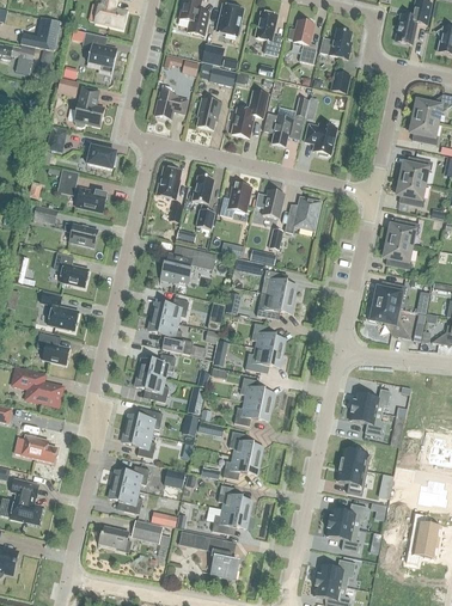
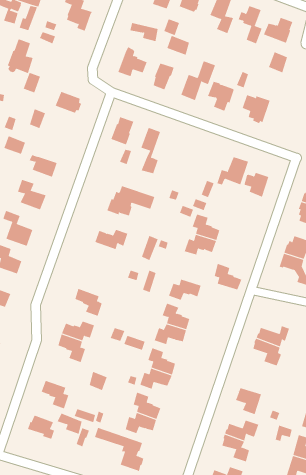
building: [73,86,103,127] -> [7,39,33,74]
building: [219,183,250,216] -> none
building: [75,188,105,212] -> none
building: [255,189,283,218] -> [243,172,269,198]
building: [148,316,193,354] -> none
building: [251,323,285,351] -> [214,263,242,290]
building: [138,353,176,378] -> none
building: [338,442,372,470] -> none
building: [112,465,149,489] -> none

